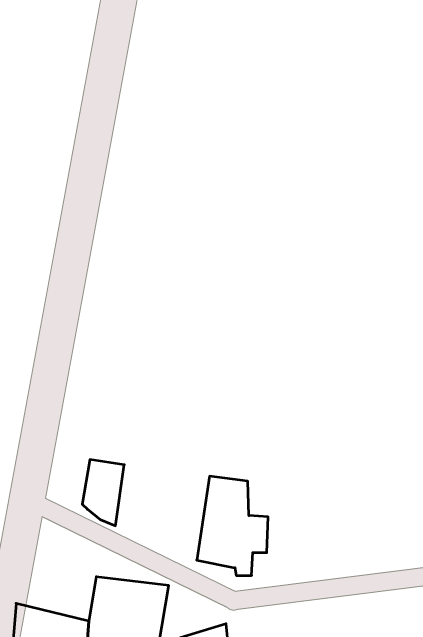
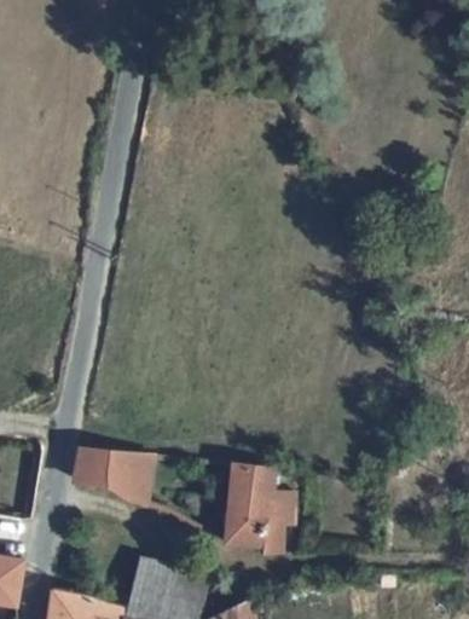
building: none -> [79,442,120,490]

